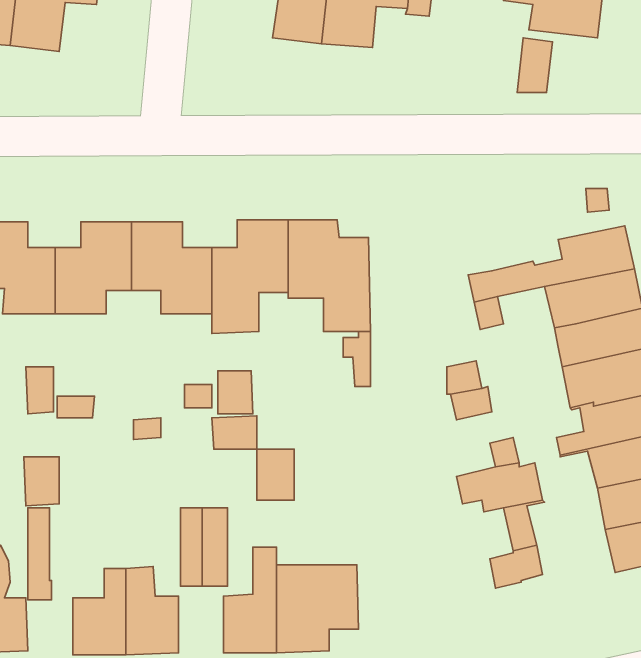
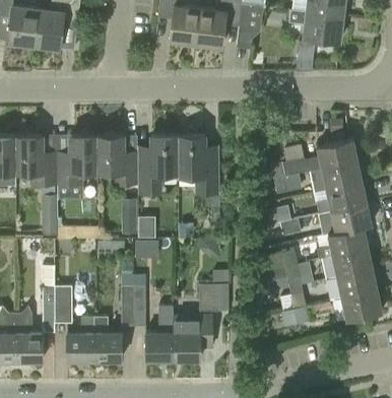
building: [257,449,294,500] -> [200,284,219,311]
building: none -> [54,285,73,323]

